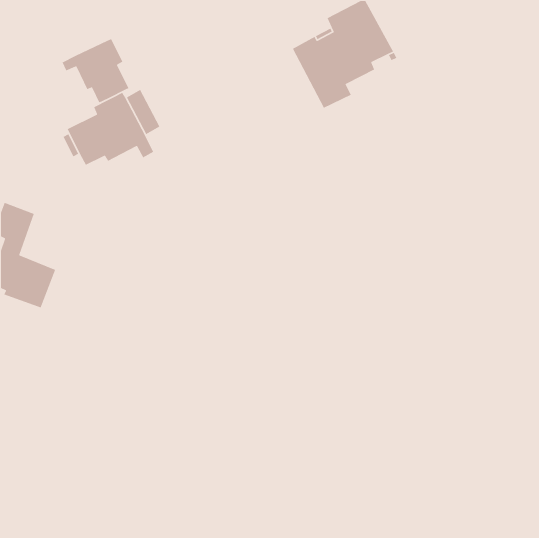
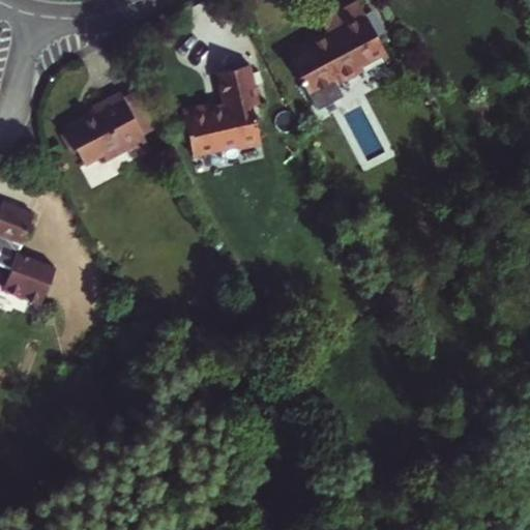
building: [62,38,129,103] -> none
building: none -> [181,65,259,157]

